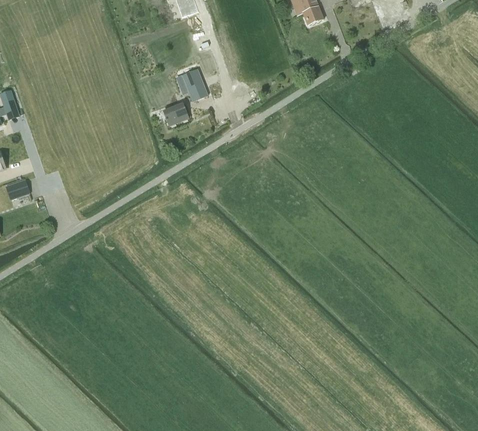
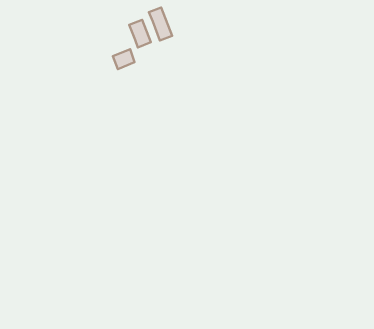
building: none -> [149,8,172,40]

